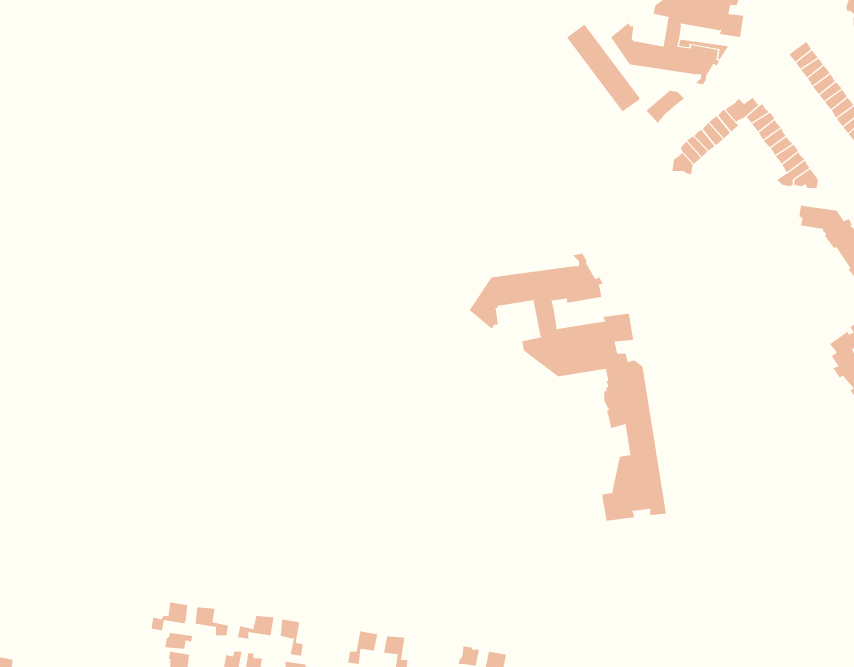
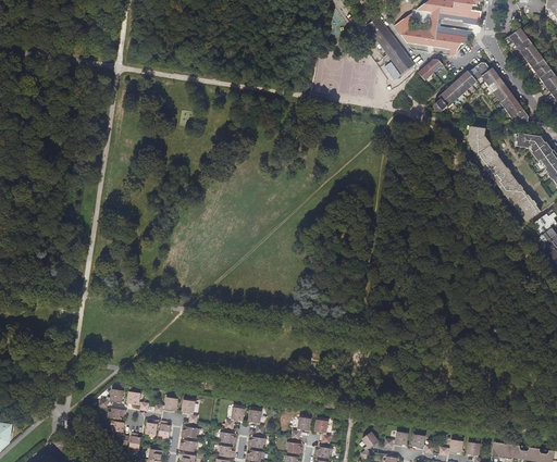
building: none -> [467,125,540,222]
building: [469,253,666,522] -> none

